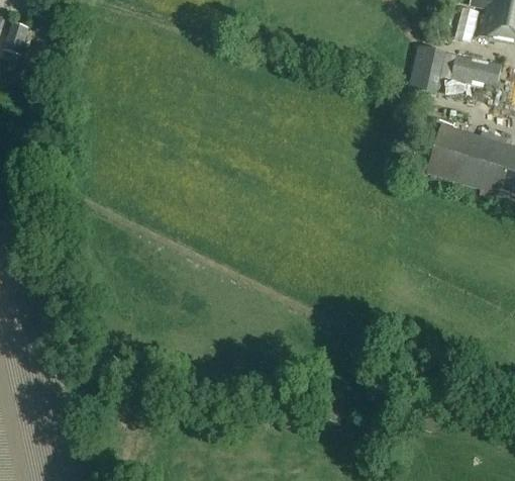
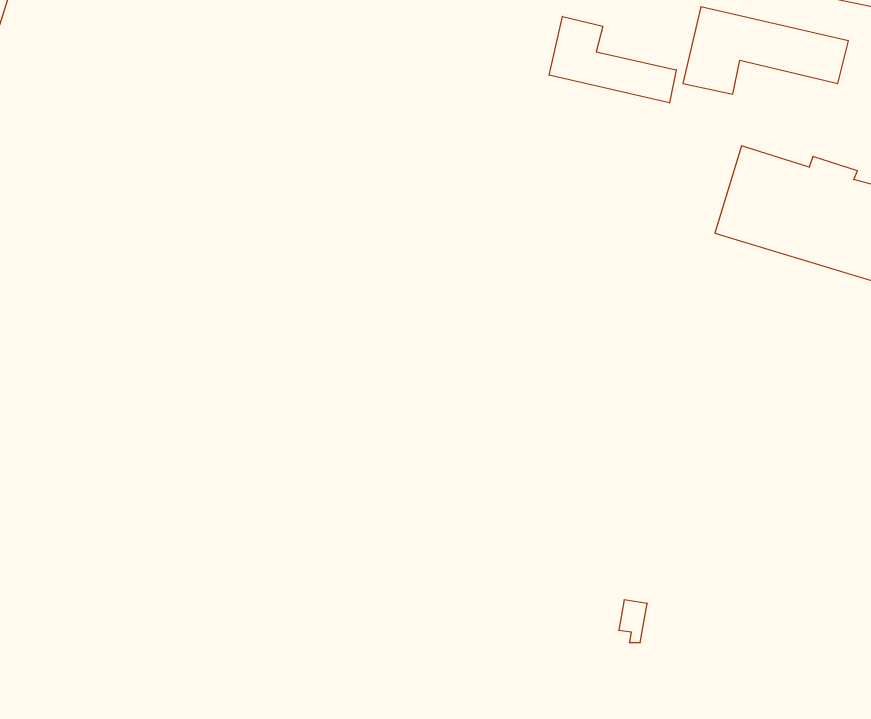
building: none -> [549,16,676,103]

